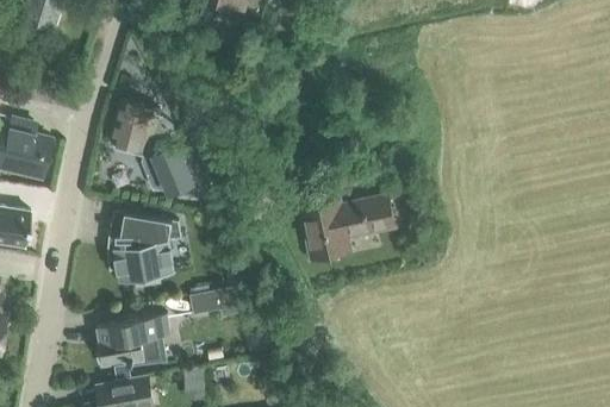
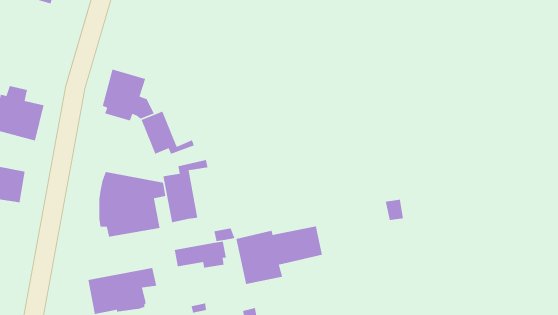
building: [300,196,394,261] -> [236,225,323,285]
building: none -> [163,159,208,223]

